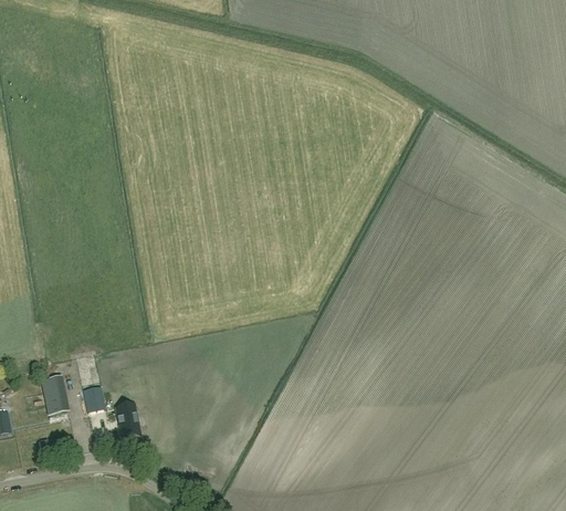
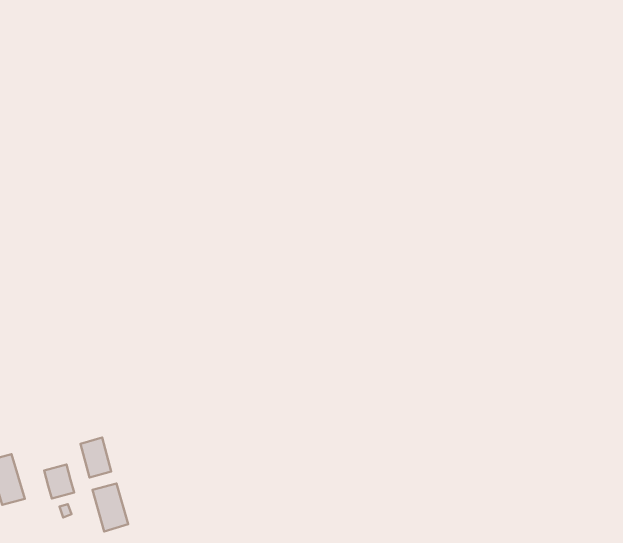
building: none -> [80,437,111,478]

